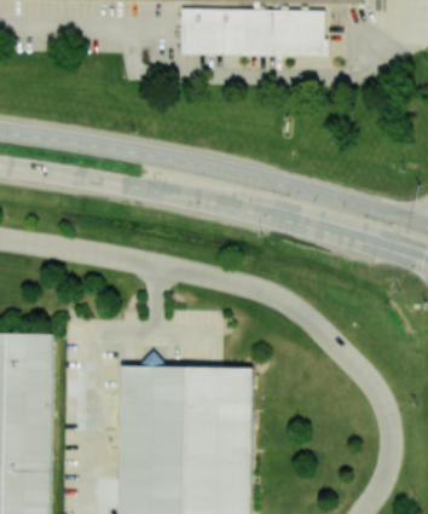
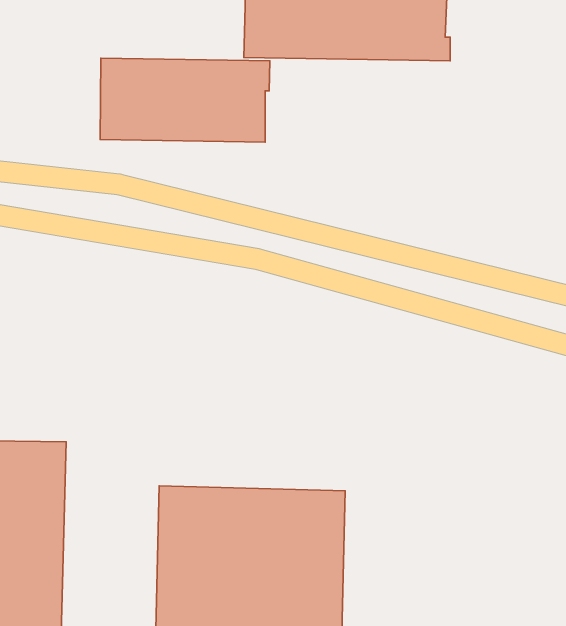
building: none -> [100,58,270,142]

